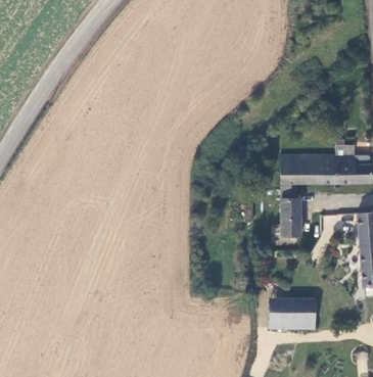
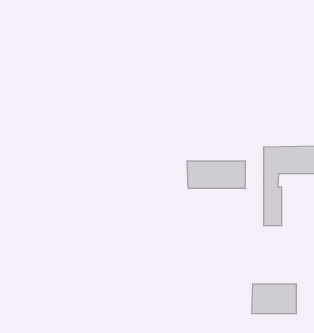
building: none -> [187,161,245,189]

